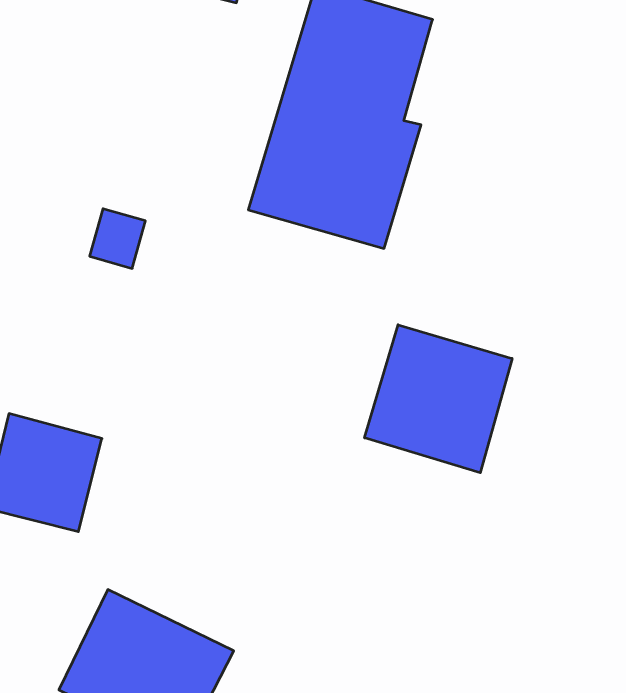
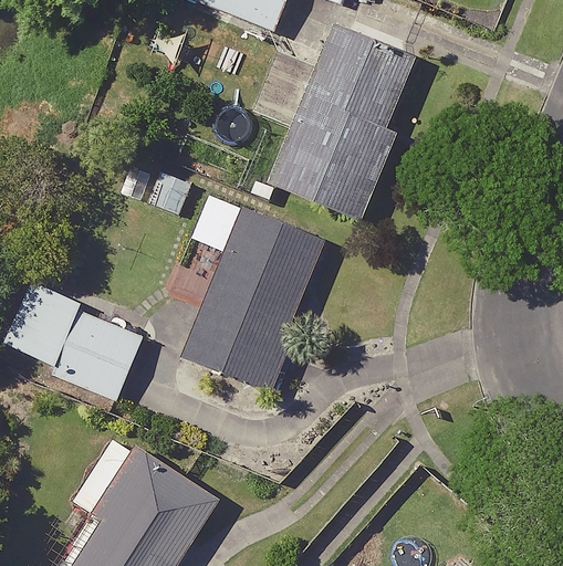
building: none -> [179,208,326,391]
building: [365,325,512,473] -> none

